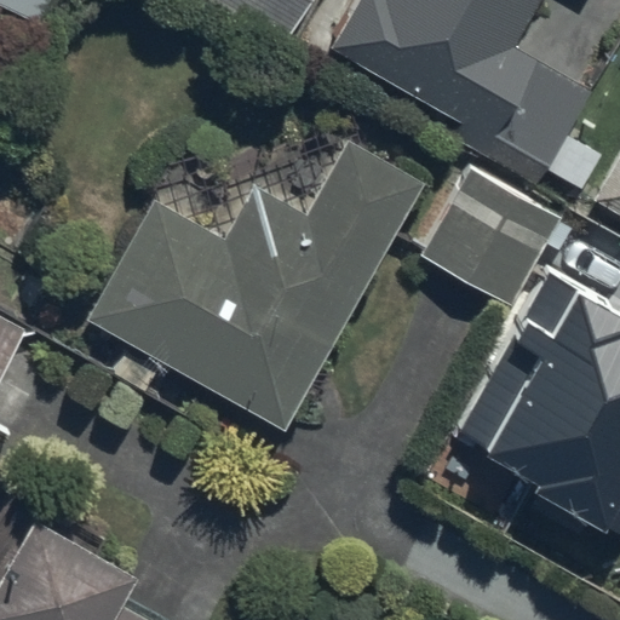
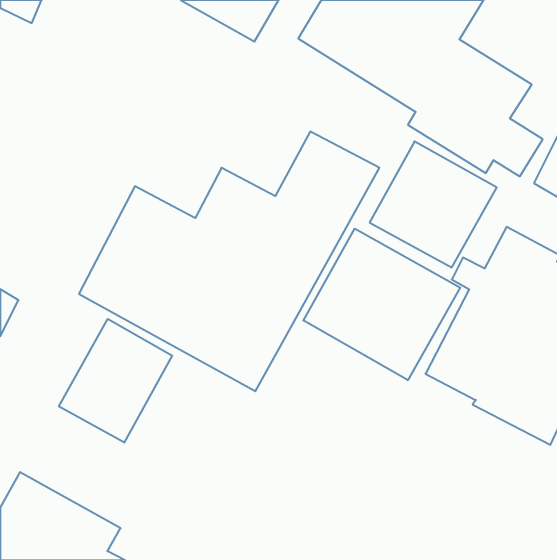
building: none -> [303,229,460,380]
building: none -> [59,319,172,443]

